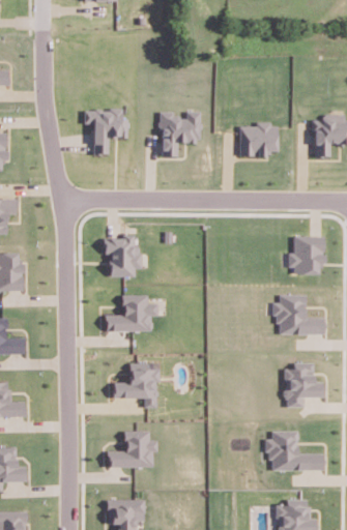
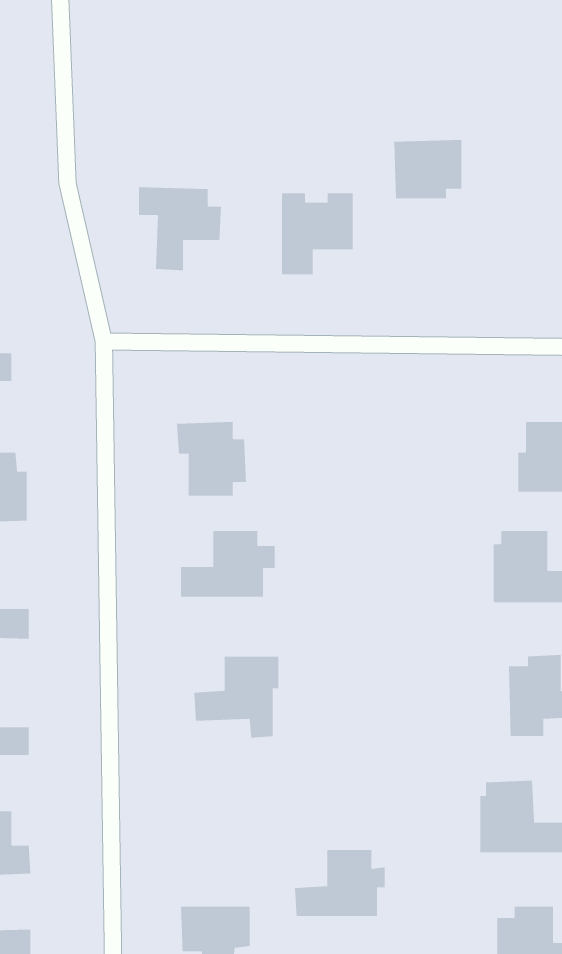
building: [239,124,277,156] -> [393,140,462,199]
building: [107,431,156,467] -> [294,850,386,916]

